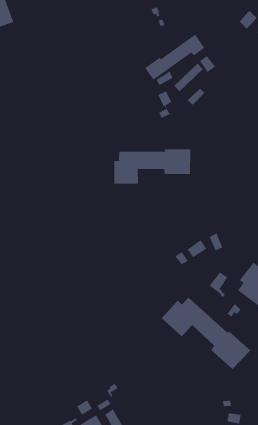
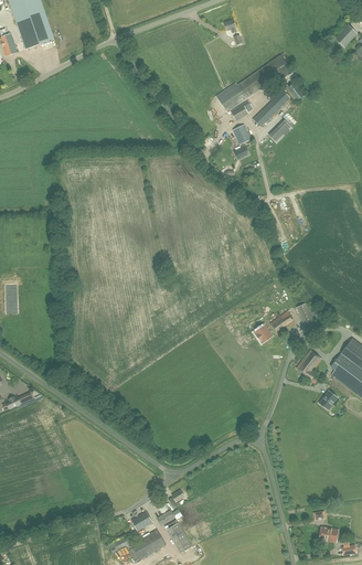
building: [114,149,191,184] -> none
building: [161,297,251,370] -> none

